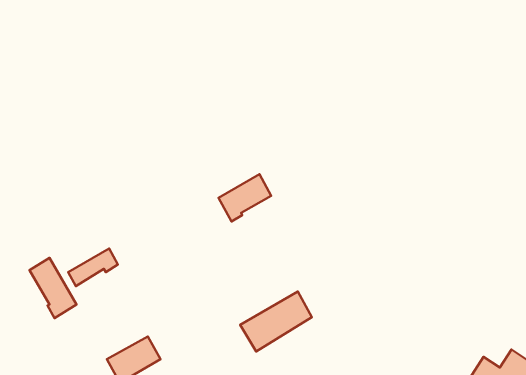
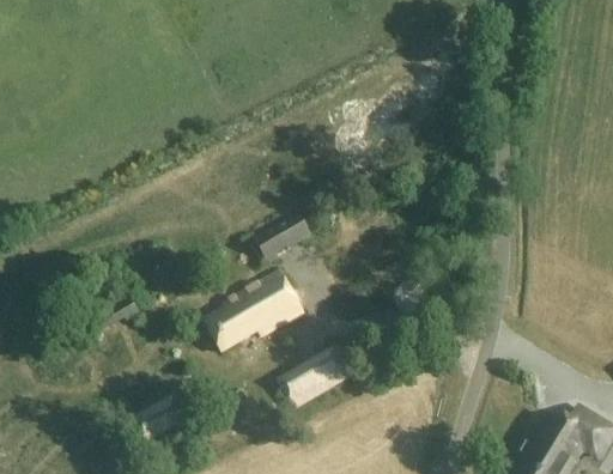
building: none -> [206,271,305,352]
building: [29,258,76,318] -> none

